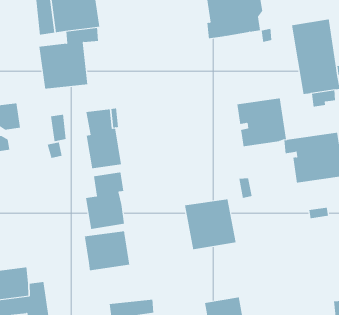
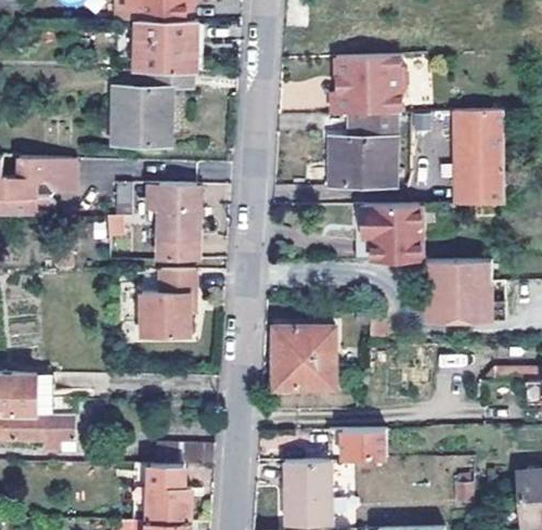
building: none -> [326,109,393,184]
building: [84,230,130,271] -> none
building: none -> [340,428,386,458]

